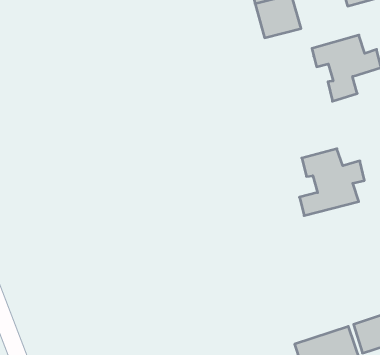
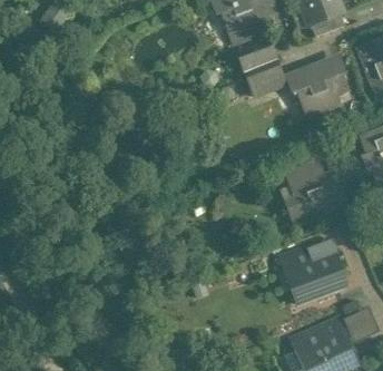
building: none -> [244,57,288,96]
building: none -> [284,247,342,303]

